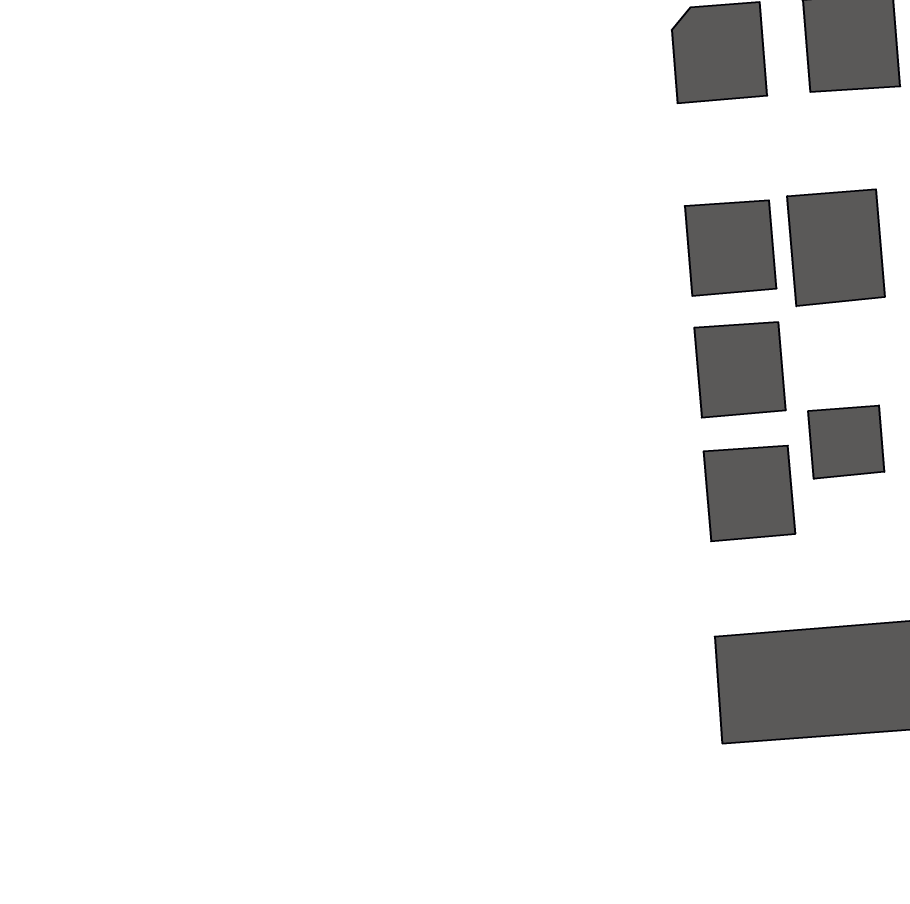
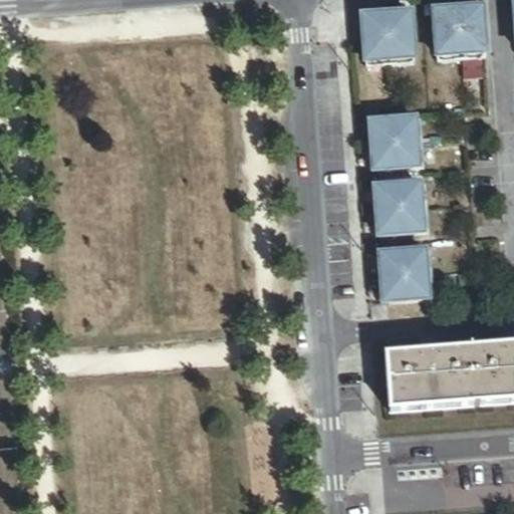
building: [787,189,885,306] -> none
building: [808,405,884,479] -> none

